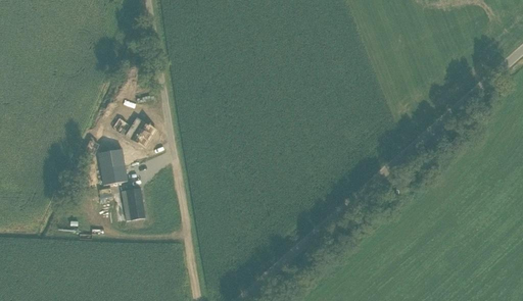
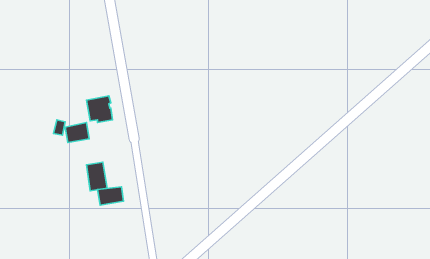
building: [98,162,126,184] -> none
building: none -> [98,187,124,205]

